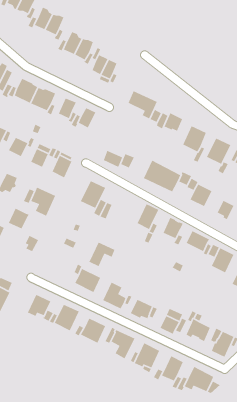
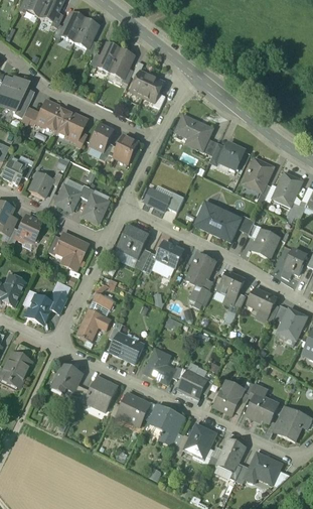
building: none -> [156,240,182,265]
building: [8,207,30,230] -> [25,295,52,323]
building: [88,241,115,268] -> [75,309,110,342]

